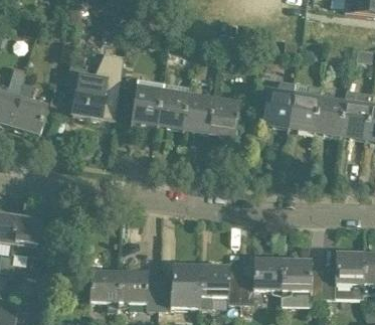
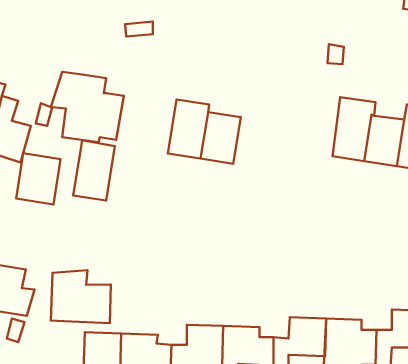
building: [130,79,163,128] -> [73,140,115,200]
building: [260,80,294,130] -> none
building: [208,99,240,140] -> none
building: none -> [16,153,60,205]
building: none -> [51,270,111,323]

